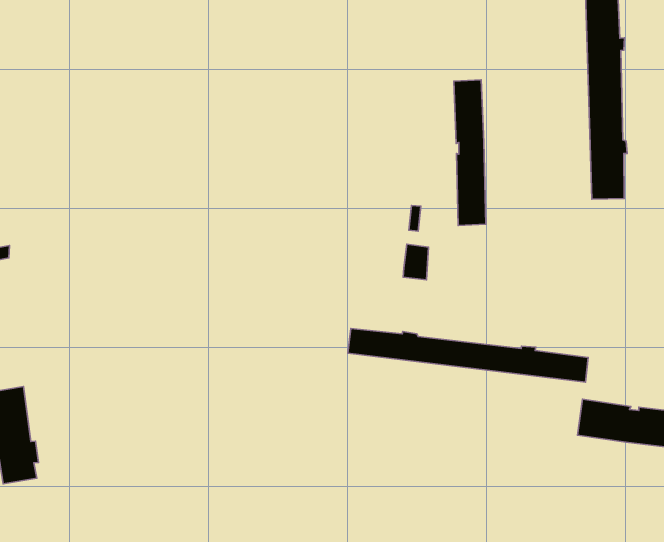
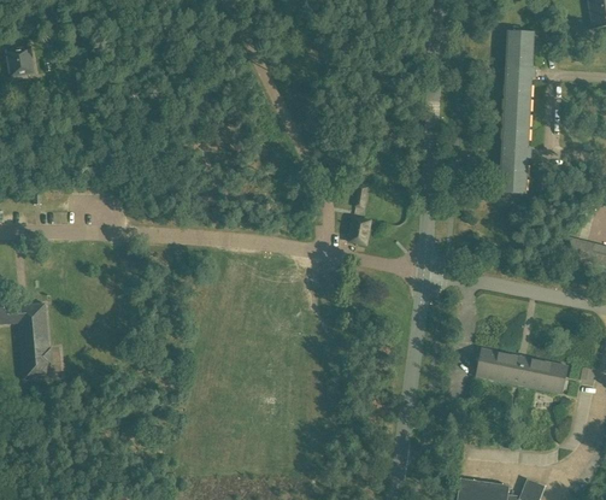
building: [454,80,486,226] -> none
building: [348,329,588,382] -> none

